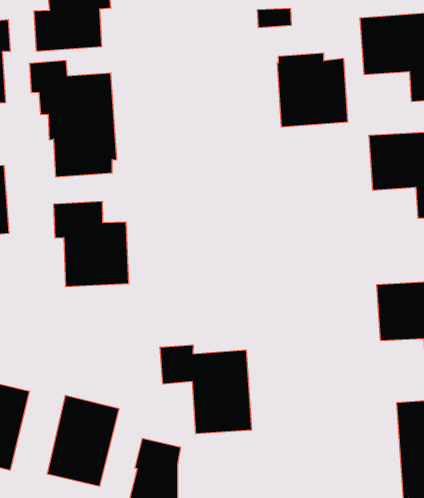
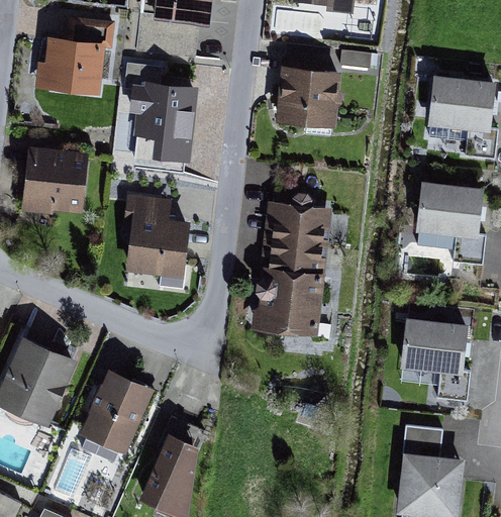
building: [277,53,348,127] -> [275,59,341,128]
building: none -> [250,194,330,337]
building: [160,345,251,434] -> none

